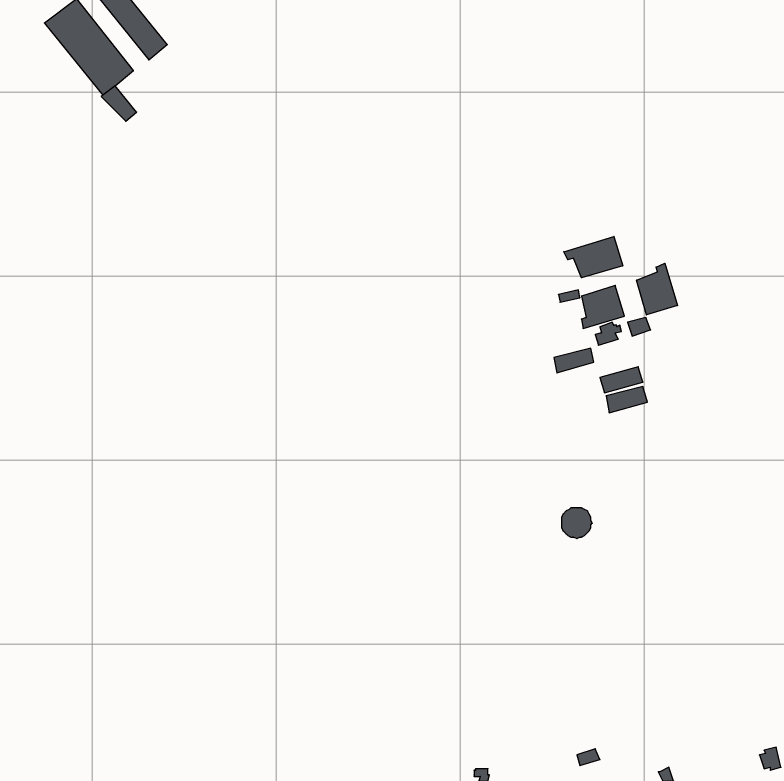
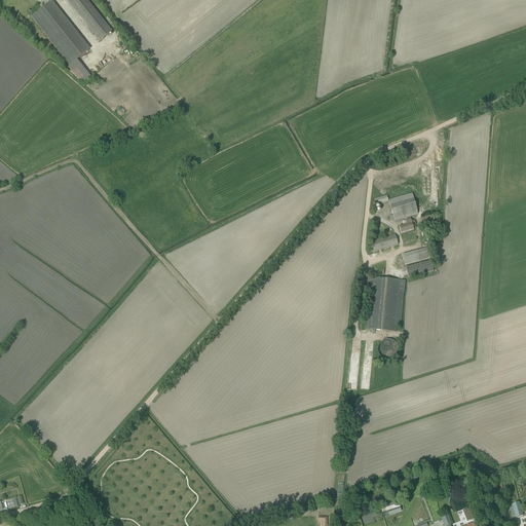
building: [564,236,623,278] -> none
building: [637,263,678,315] -> none
building: none -> [366,274,405,330]

